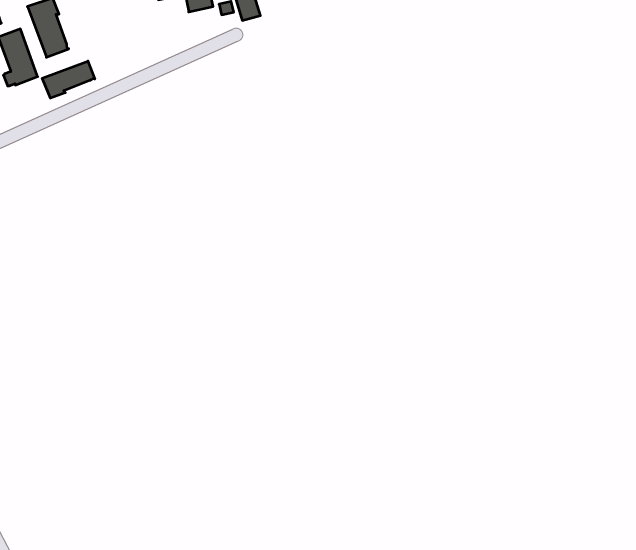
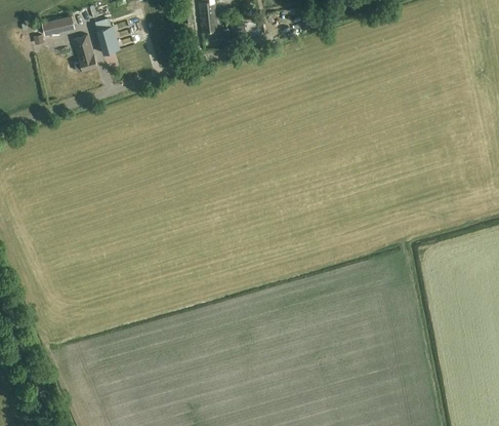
building: [42,61,95,98] -> none

